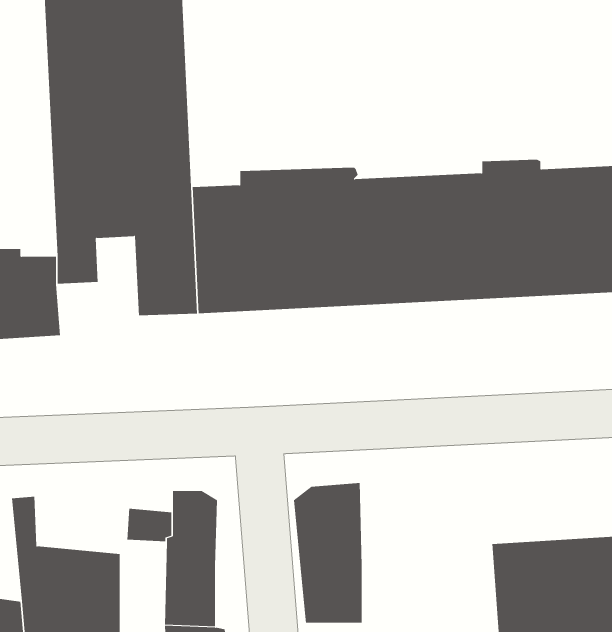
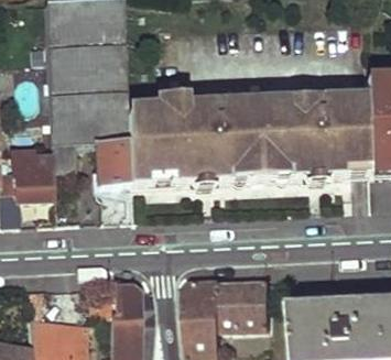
building: none -> [220,273,270,321]

